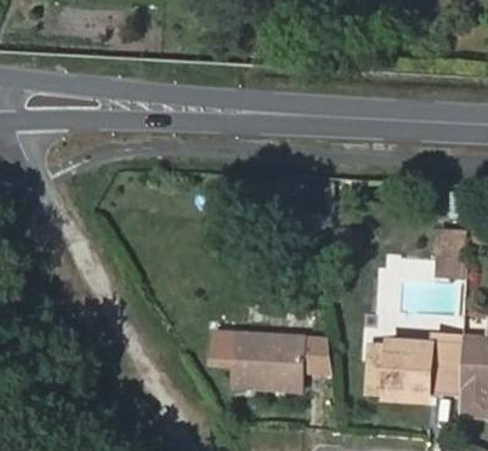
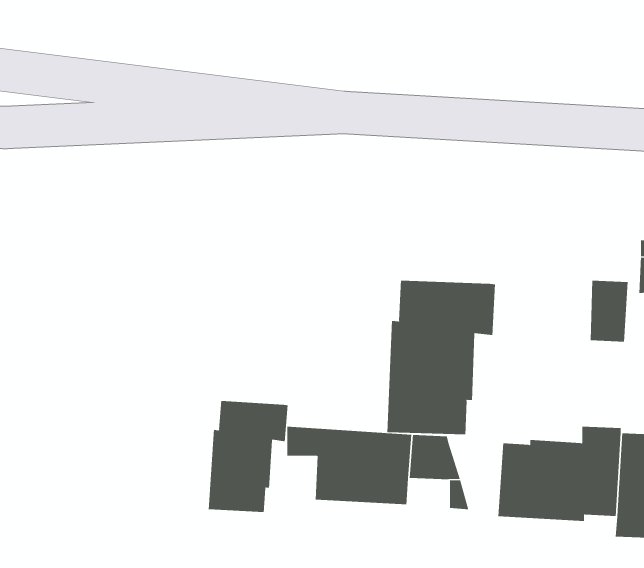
building: none -> [387,280,496,435]
building: none -> [208,400,288,513]

